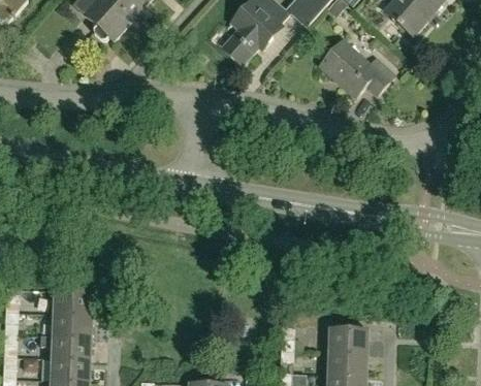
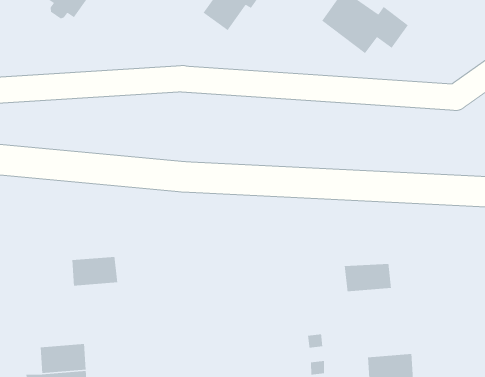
building: [54,290,92,314] -> [71,256,118,286]
building: [328,328,366,352] -> [344,263,392,292]

